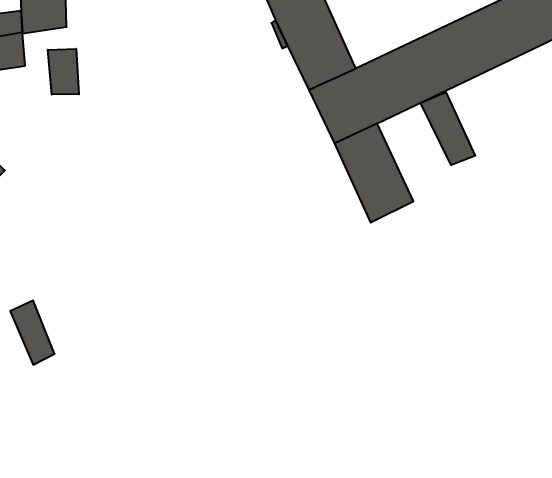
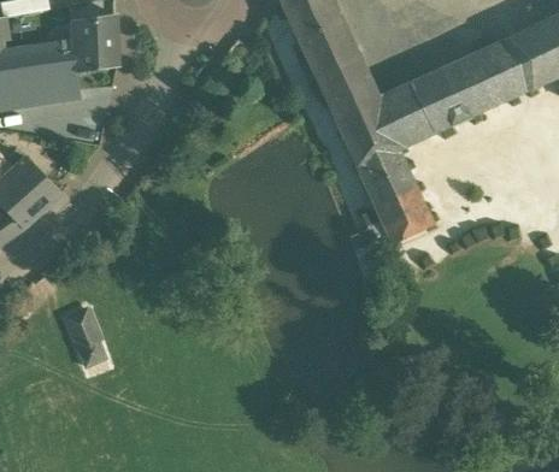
building: [48,49,79,95] -> none
building: [421,92,475,165] -> none

